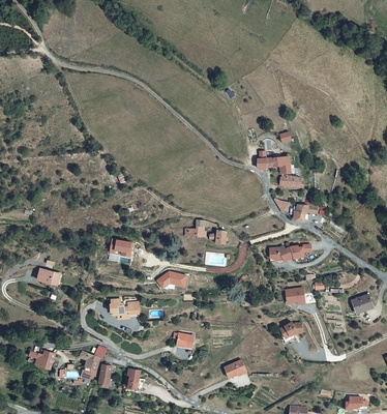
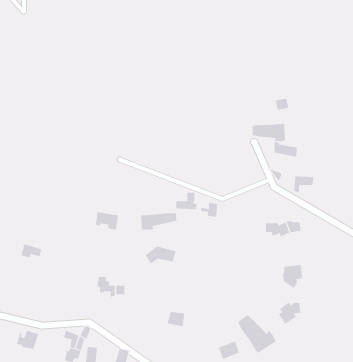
building: none -> [141,212,177,230]
building: none -> [237,314,276,354]

